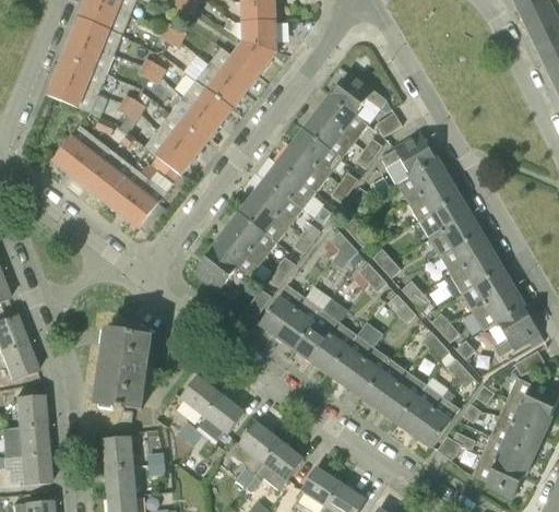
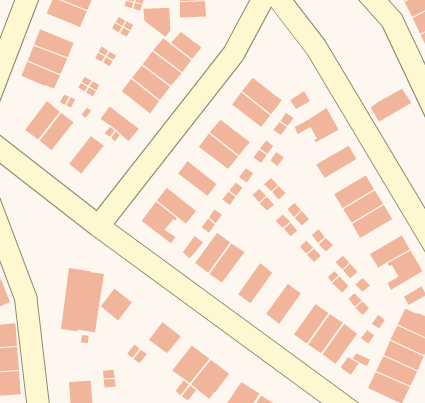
building: [71,19,121,55] -> none
building: [241,23,276,60] -> [143,7,171,38]
building: [331,72,386,117] -> none
building: [156,114,206,159] -> none
building: [292,130,342,176] -> none
building: [86,152,133,202] -> none
building: [396,160,449,203] -> [369,88,412,123]
building: [122,180,166,228] -> none
building: [251,181,301,227] -> none
building: [418,197,469,239] -> none
building: [226,214,276,260] -> none
building: [462,270,513,312] -> none
building: [294,310,340,361] -> none
building: [329,335,373,385] -> none
building: [364,360,407,410] -> none
building: [180,376,221,417] -> [100,287,133,321]
building: [104,437,134,468] -> none

